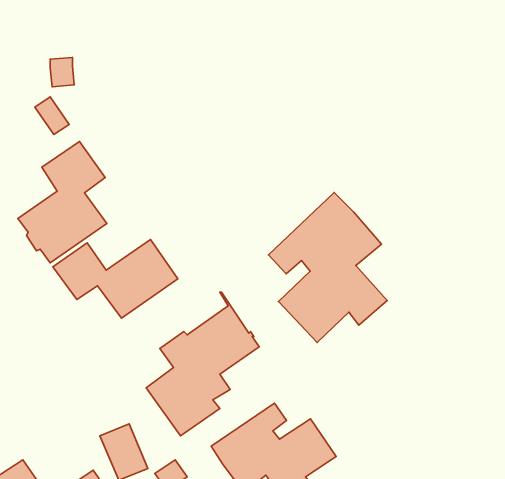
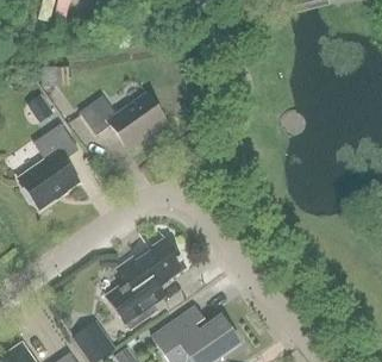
building: [269,192,387,343] -> none
building: [53,239,178,318] -> [79,93,165,148]

